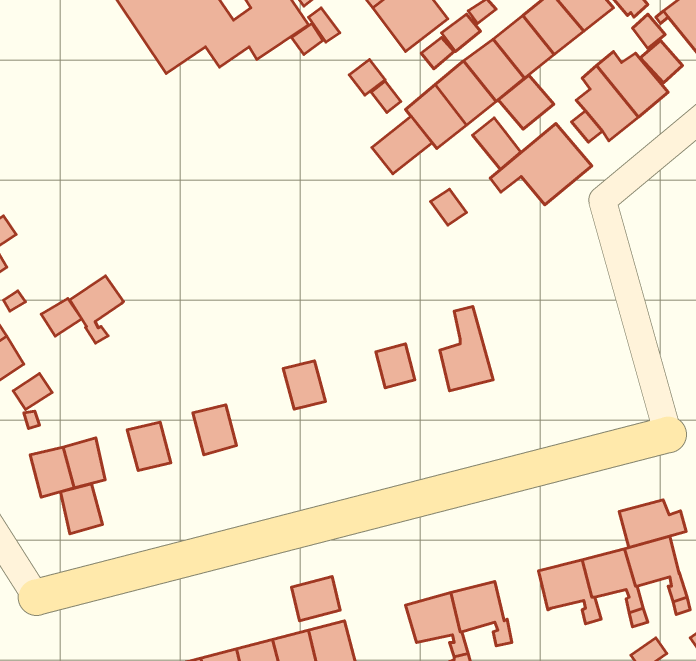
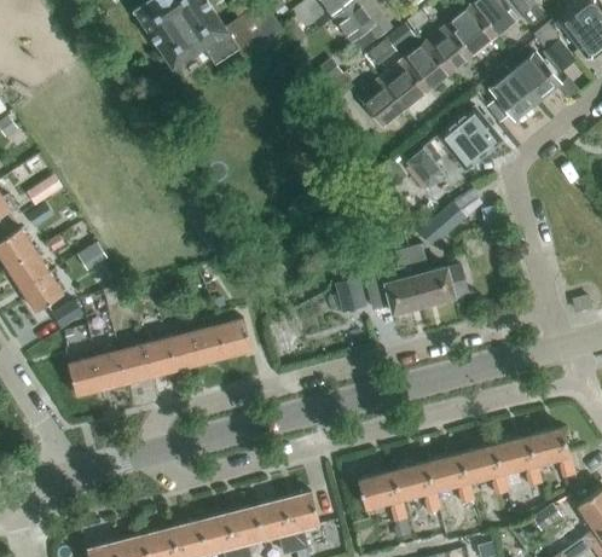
building: [498,75,554,129] -> none
building: [372,116,432,174] -> none
building: [472,118,521,169] -> [406,150,444,190]
building: none -> [418,203,465,248]
building: [70,276,123,343] -> none
building: none -> [410,246,467,306]
building: [283,361,325,409] -> [219,319,251,356]
building: none -> [168,331,202,370]
building: [60,484,103,534] -> [118,344,151,383]
building: [619,500,686,548] -> none
building: none -> [427,453,474,503]
building: [291,577,340,621] -> none

